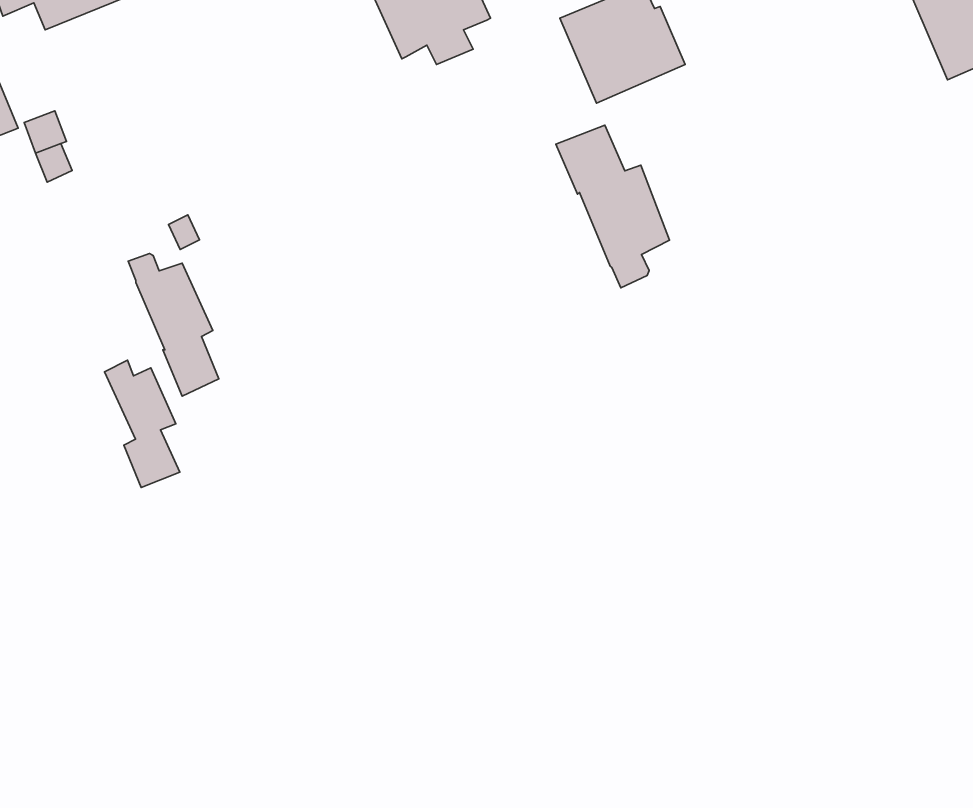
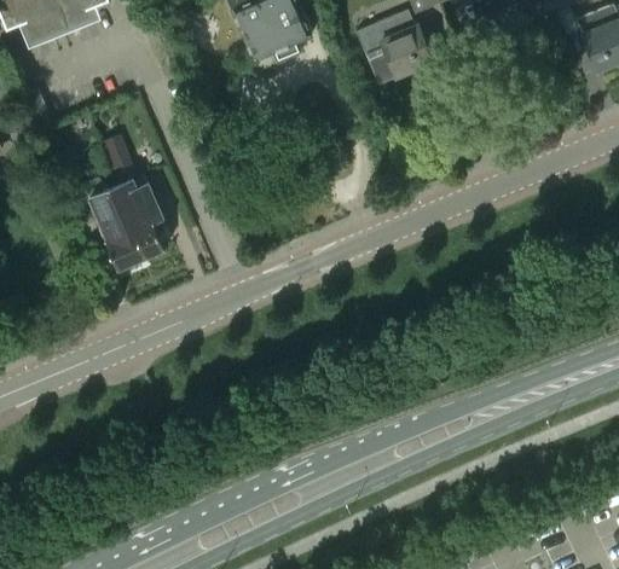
building: [556,125,670,288] -> none
building: [105,360,180,488] -> [117,178,164,257]

